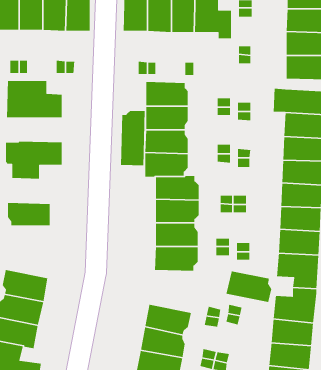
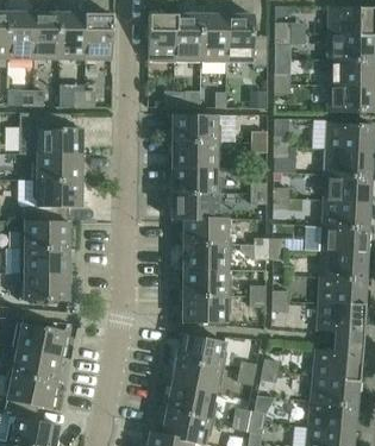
building: [120,110,145,166] -> none
building: none -> [32,155,81,181]
building: none -> [20,221,69,249]
building: none -> [19,274,68,301]
building: [226,271,272,303] -> [176,333,227,369]

